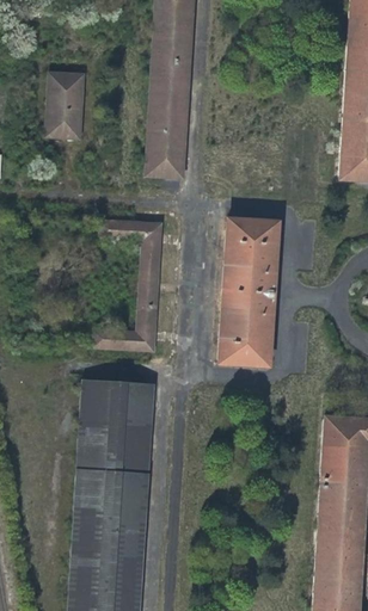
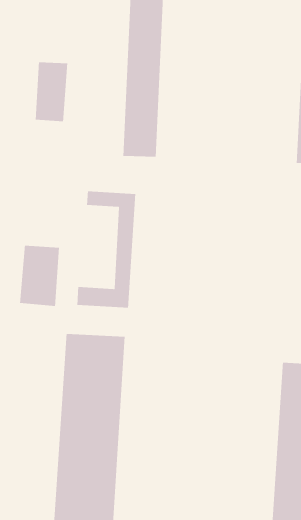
building: [219,215,280,366] -> none
building: none -> [19,245,60,307]

